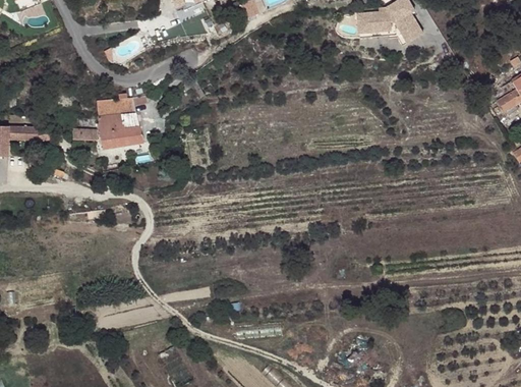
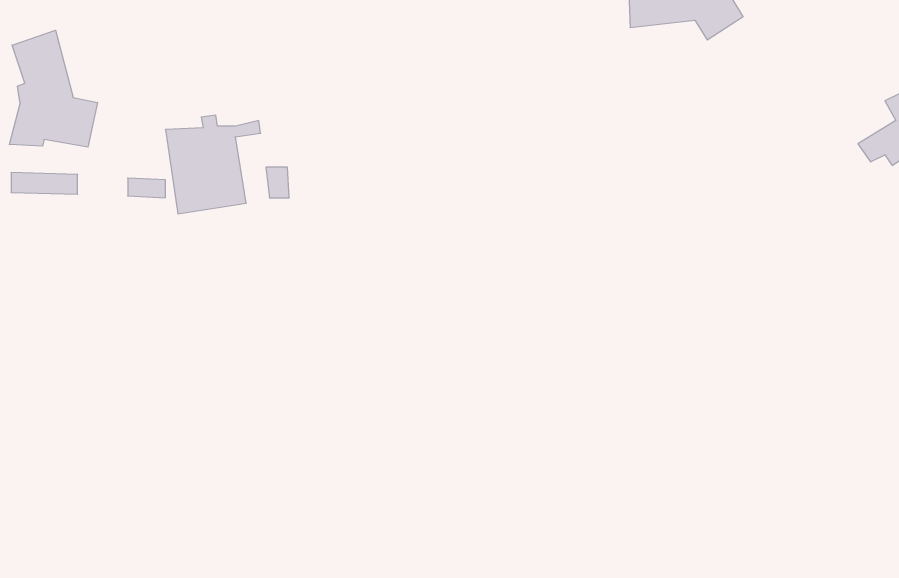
building: none -> [9,30,97,147]

